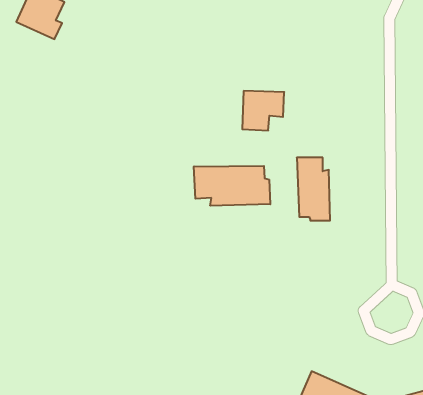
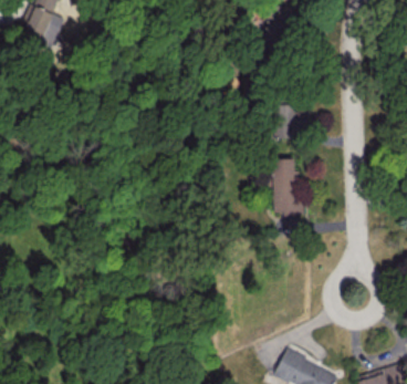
building: [242,91,284,130] -> [274,104,312,139]
building: [194,166,270,206] -> none

